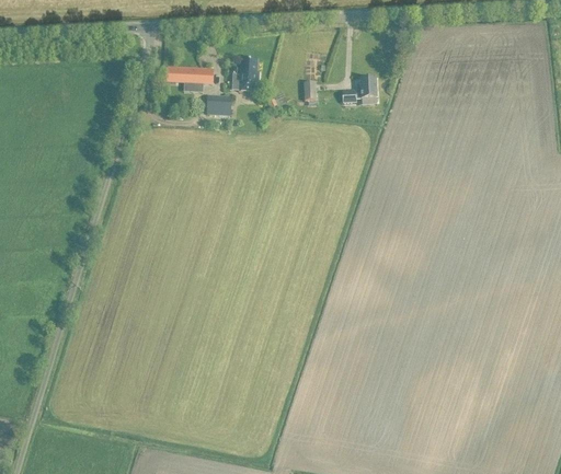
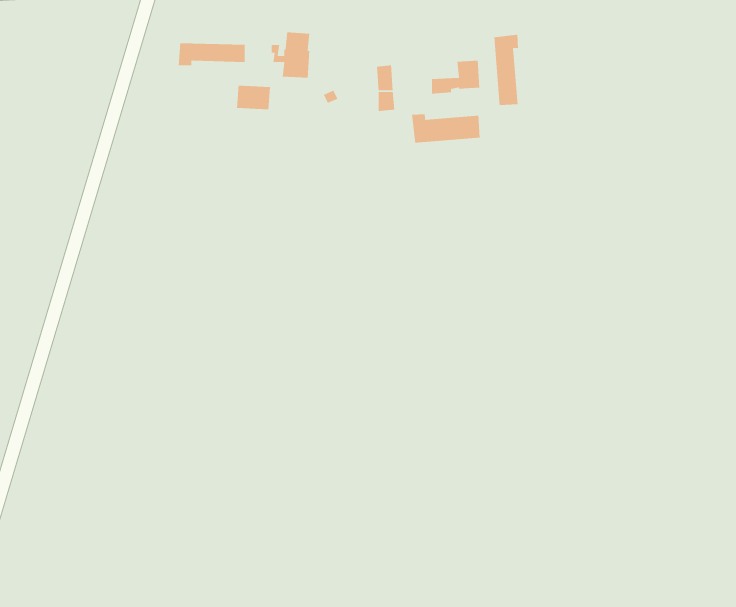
building: none -> [494,34,519,106]
building: none -> [411,113,481,143]

